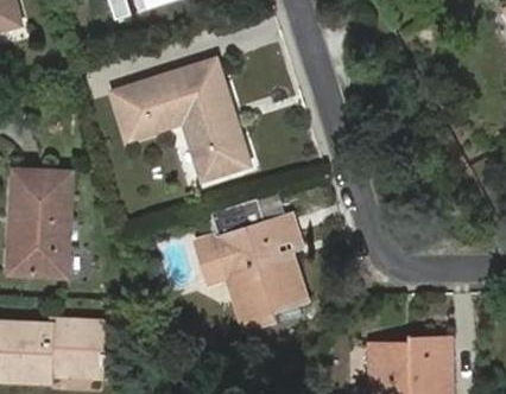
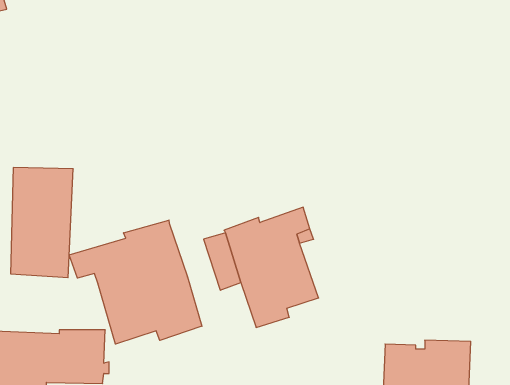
building: [114,58,249,177] -> none
building: none -> [69,220,202,344]

